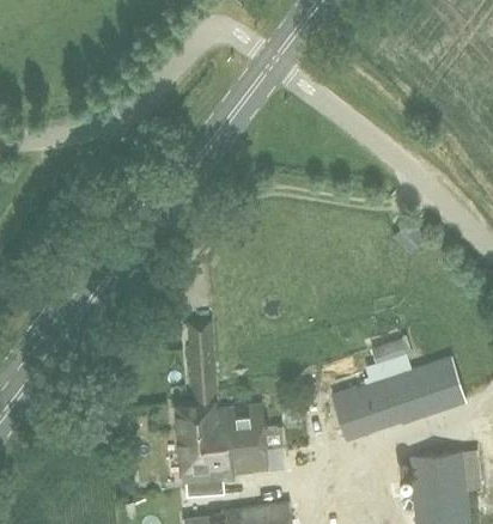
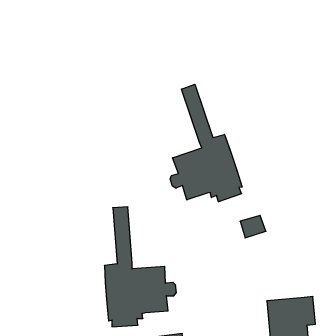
building: none -> [170,84,242,202]
building: [331,358,464,439] -> none

